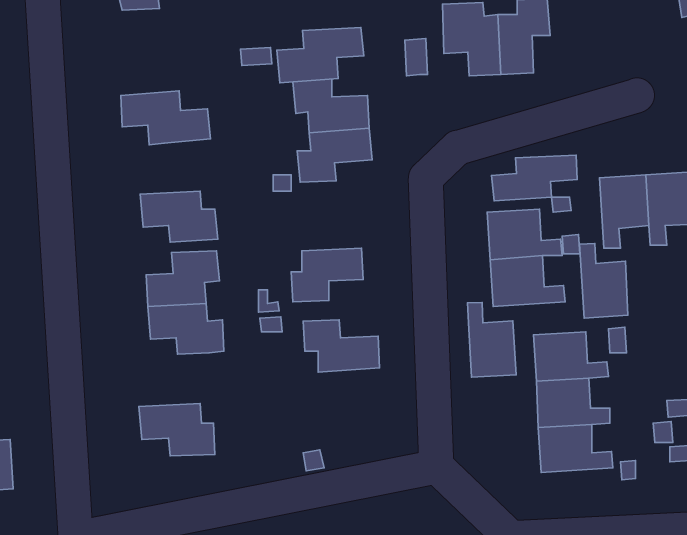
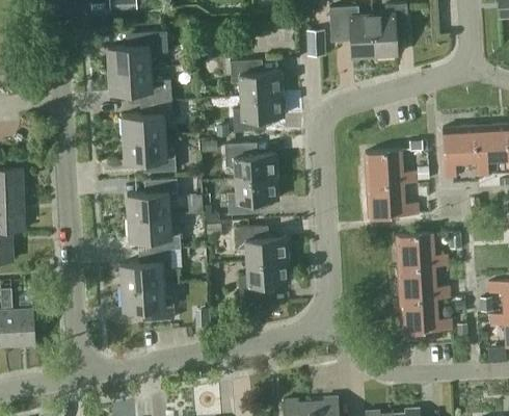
building: [277,28,364,83] -> [107,32,167,71]
building: none -> [122,101,172,139]
building: [492,155,577,201] -> none
building: none -> [223,144,276,179]
building: [579,243,628,318] -> none
building: [468,303,516,377] -> none
building: none -> [120,250,171,287]
building: none -> [239,260,290,297]

